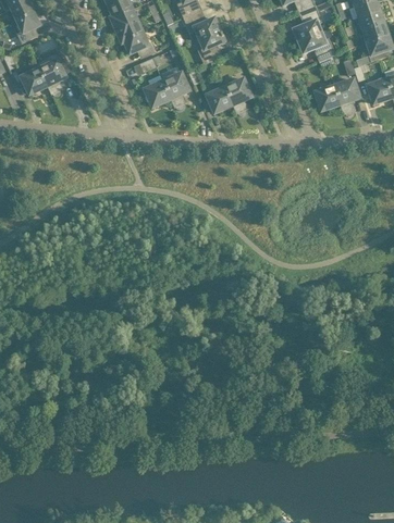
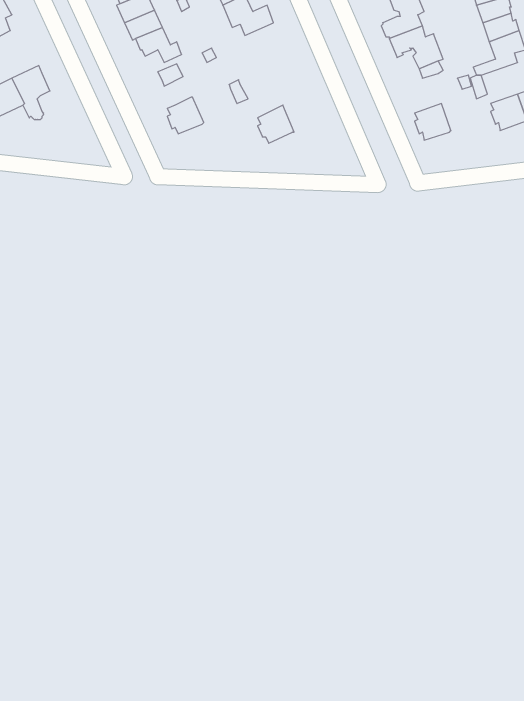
building: [197,28,224,63] -> none
building: [163,71,189,108] -> none
building: [225,77,251,114] -> none
building: [334,78,359,114] -> none

